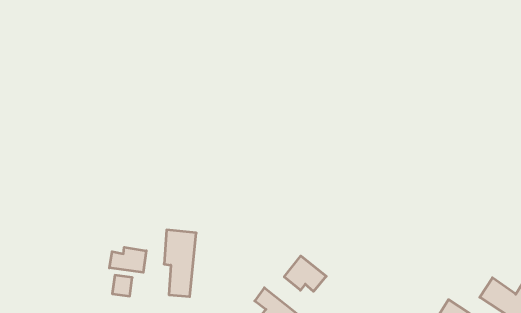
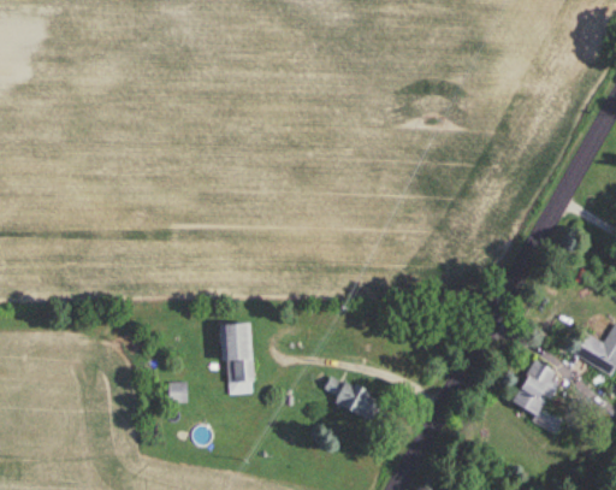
building: [109,247,146,272] -> none
building: [284,256,326,291] -> none

